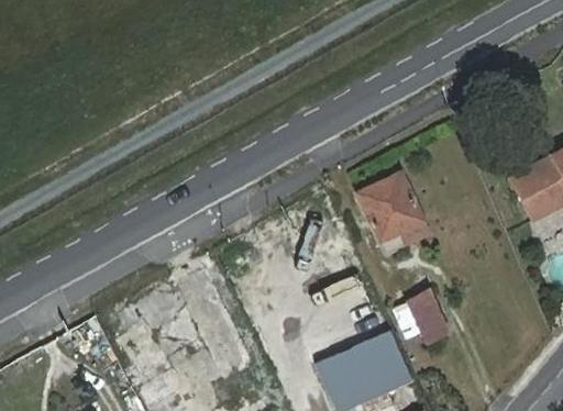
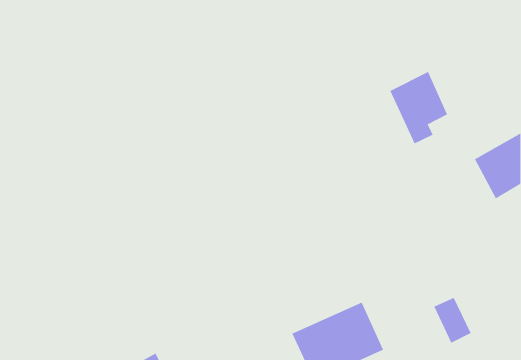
building: [357,174,420,252] -> [389,71,448,144]
building: [407,292,448,342] -> [434,297,471,343]

